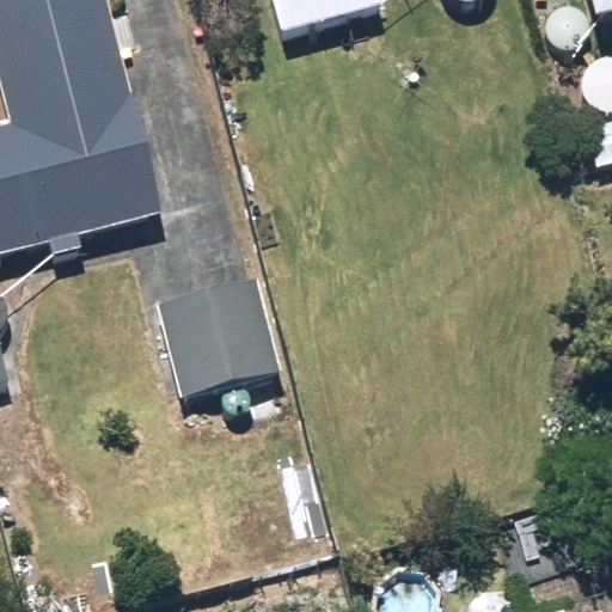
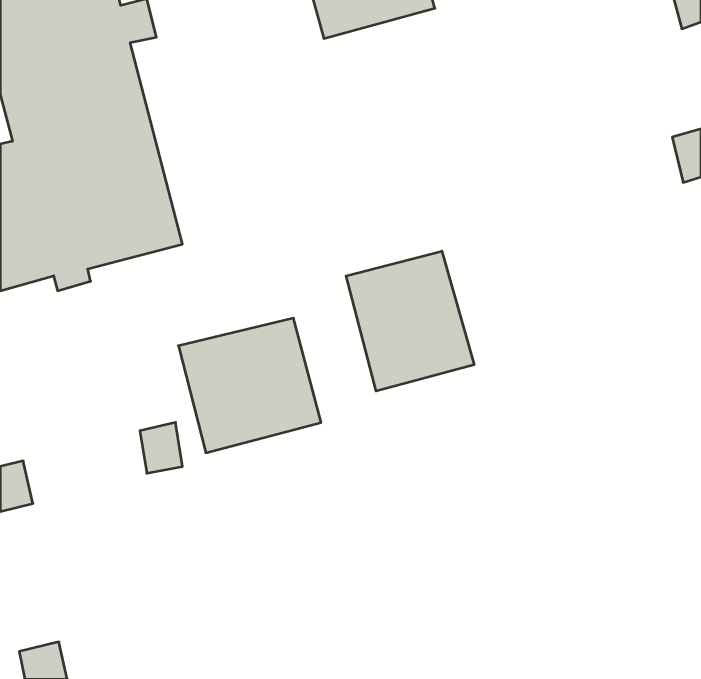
building: none -> [346,251,474,391]

